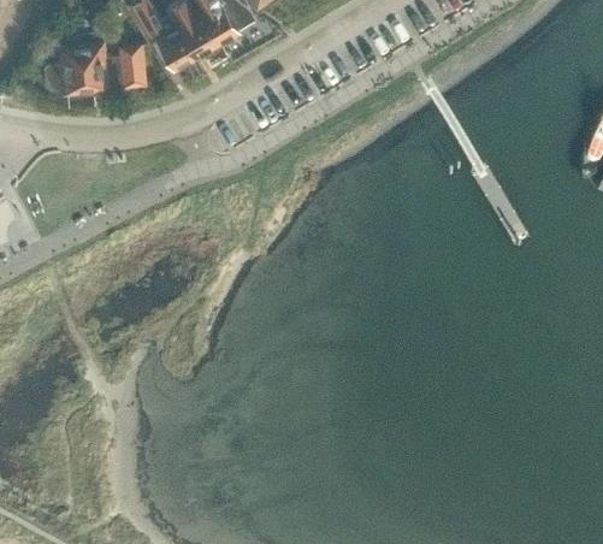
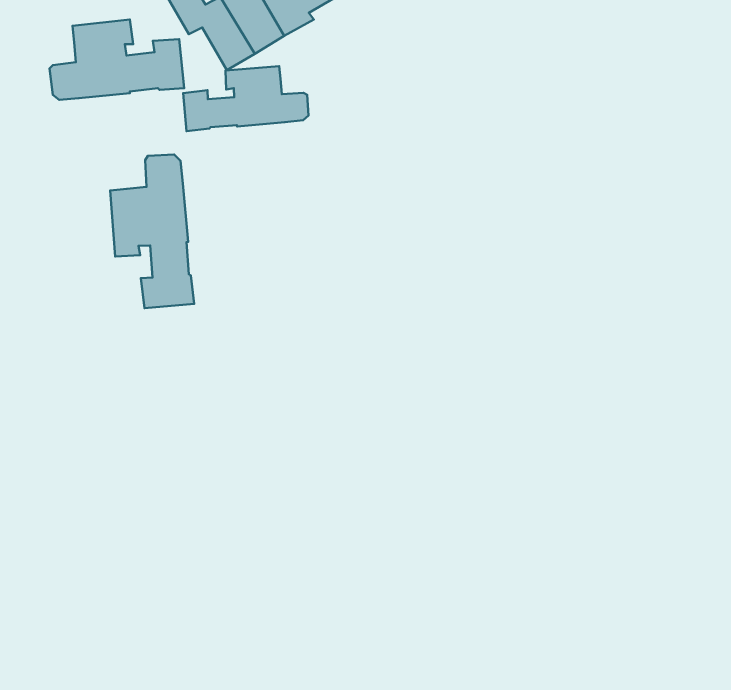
building: none -> [183,66,308,131]
building: none -> [110,154,194,308]

